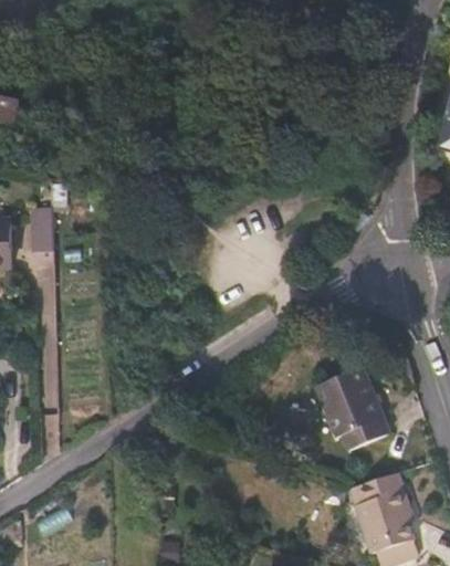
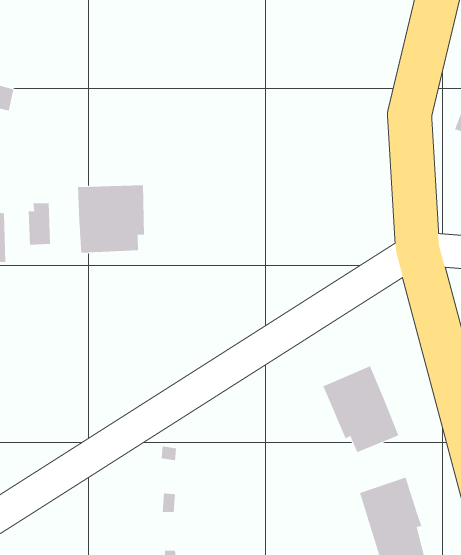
building: none -> [77,185,145,253]

